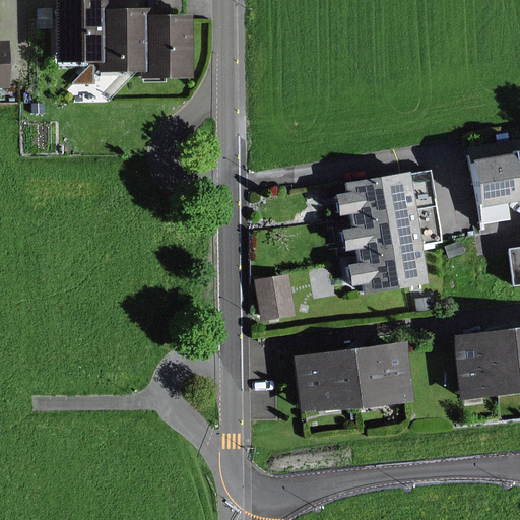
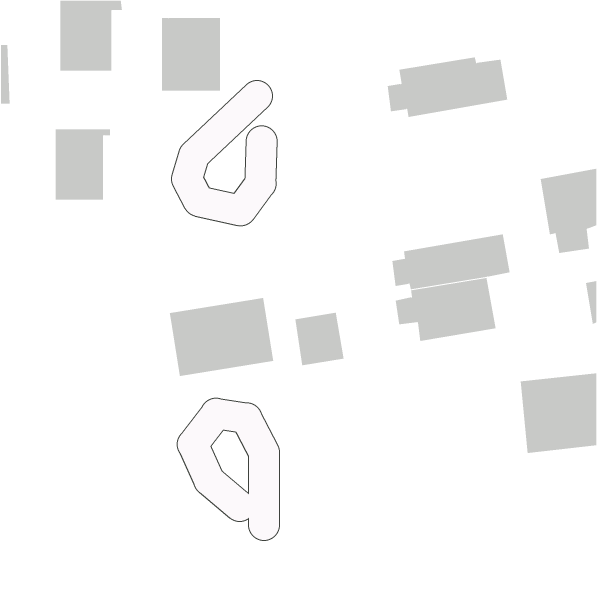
building: [98,11,146,73] -> [55,129,111,200]
building: [332,168,438,220] -> [387,57,508,118]
building: none -> [169,297,274,377]
building: [294,341,414,415] -> none

